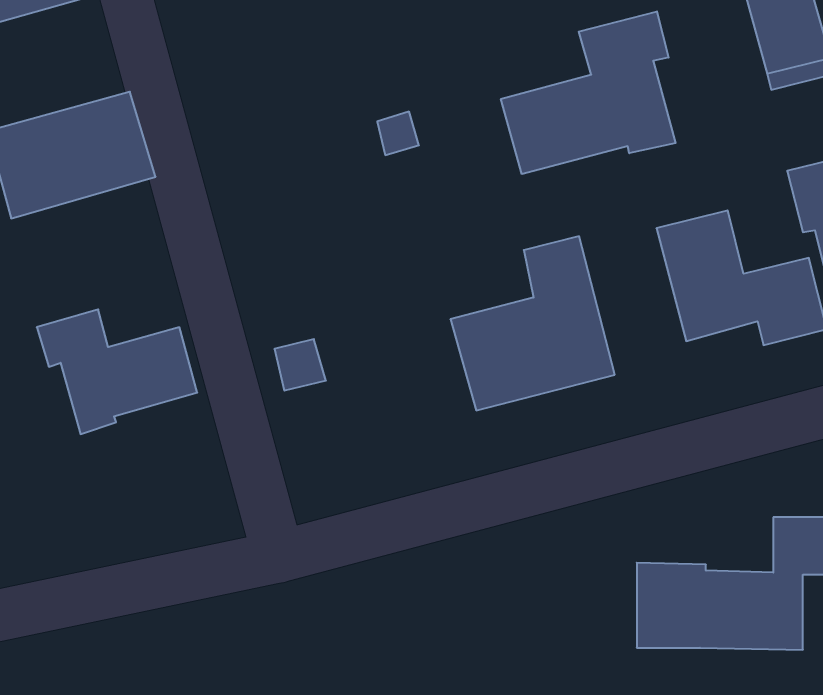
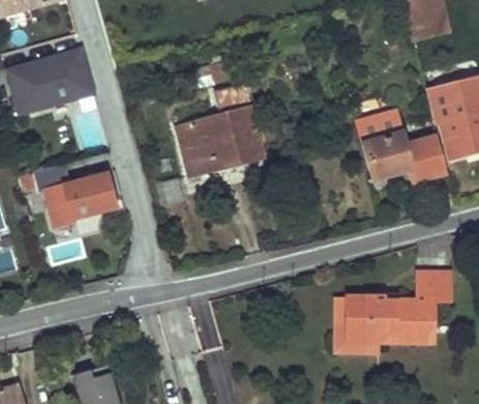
building: [501,11,676,174] -> none
building: [450,236,615,410] -> [176,83,262,174]
building: none -> [335,295,380,351]

